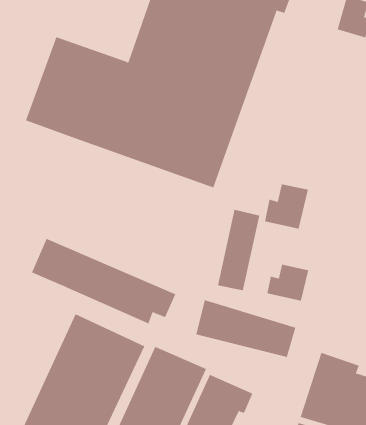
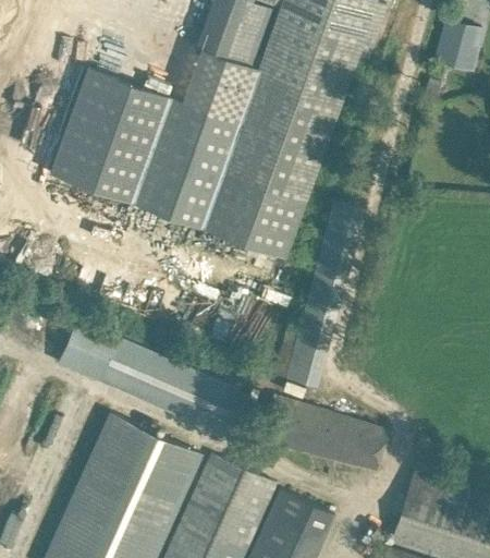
building: [265,184,309,229] -> none
building: [267,264,309,301] -> none

